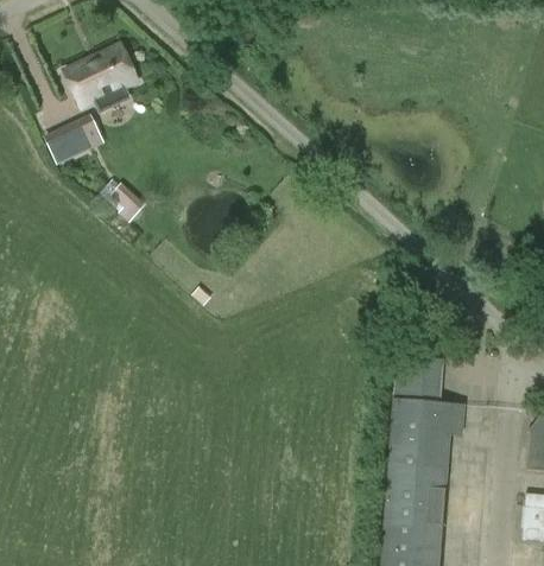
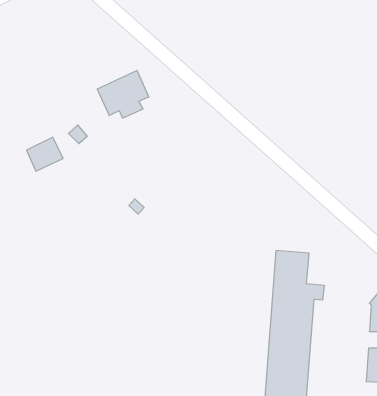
building: [64,44,137,110] -> [97,71,149,118]
building: [44,119,95,166] -> [27,137,63,171]

